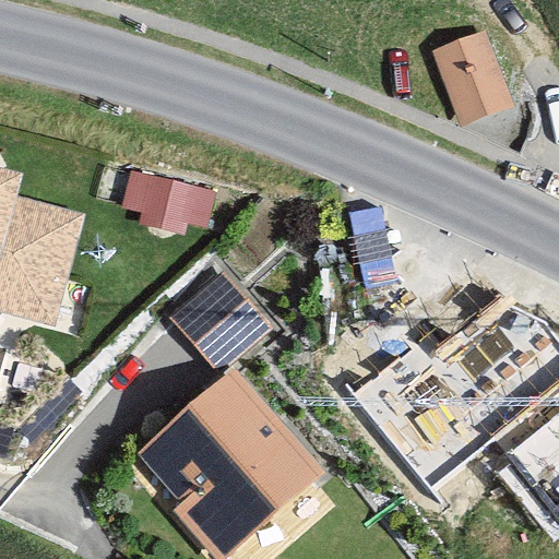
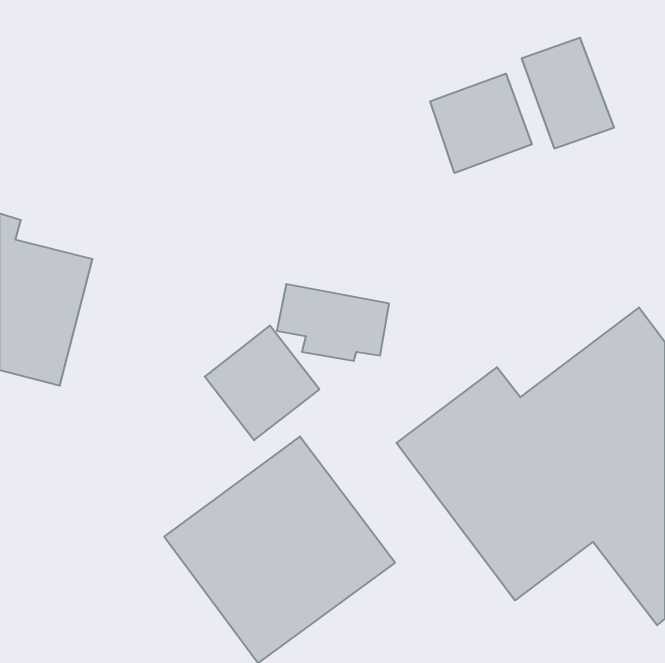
building: none -> [430,74,532,173]
building: [122,168,216,233] -> [277,284,389,361]

